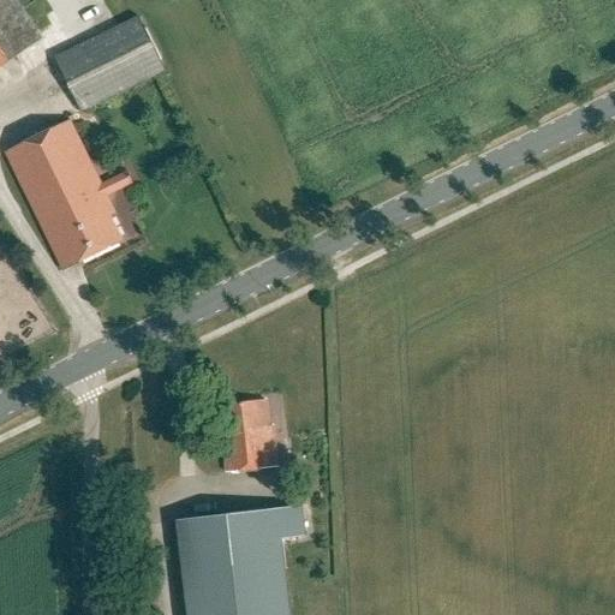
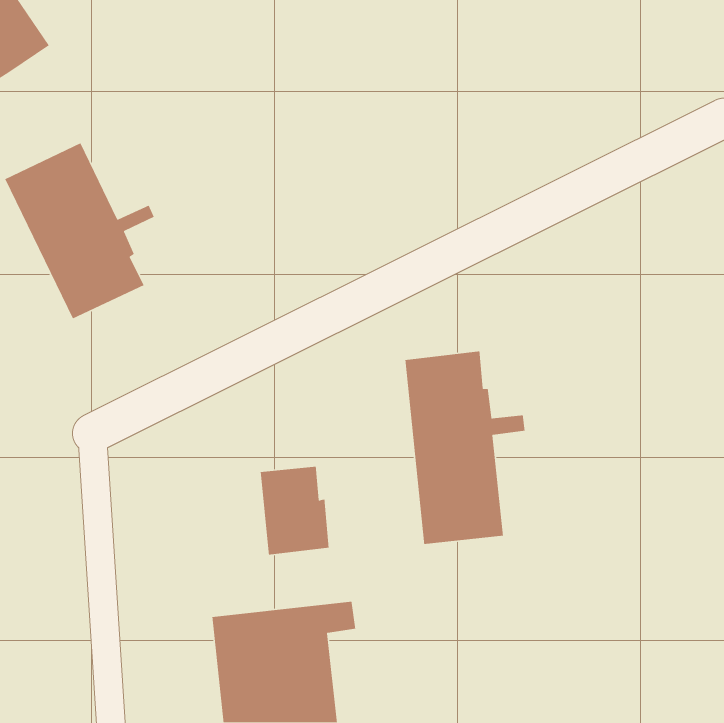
building: [55,16,166,111] -> none
building: none -> [405,351,526,545]

